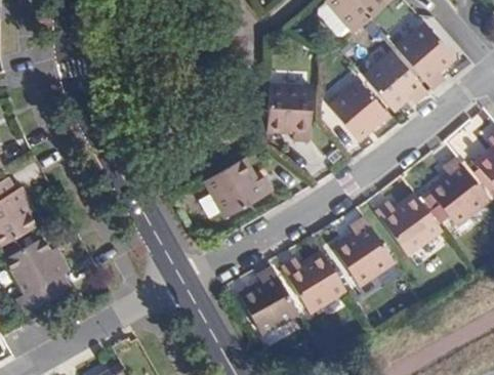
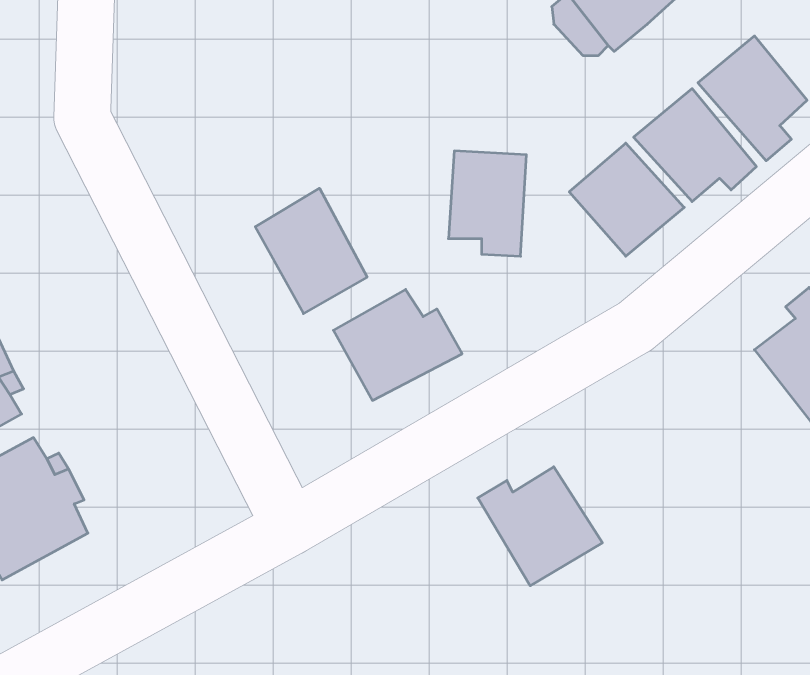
building: none -> [255,188,367,314]
building: [377,195,445,255] -> none
building: [333,217,396,285] -> none
building: [240,266,299,335] -> none

